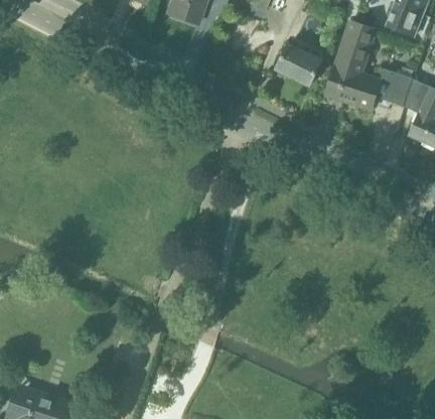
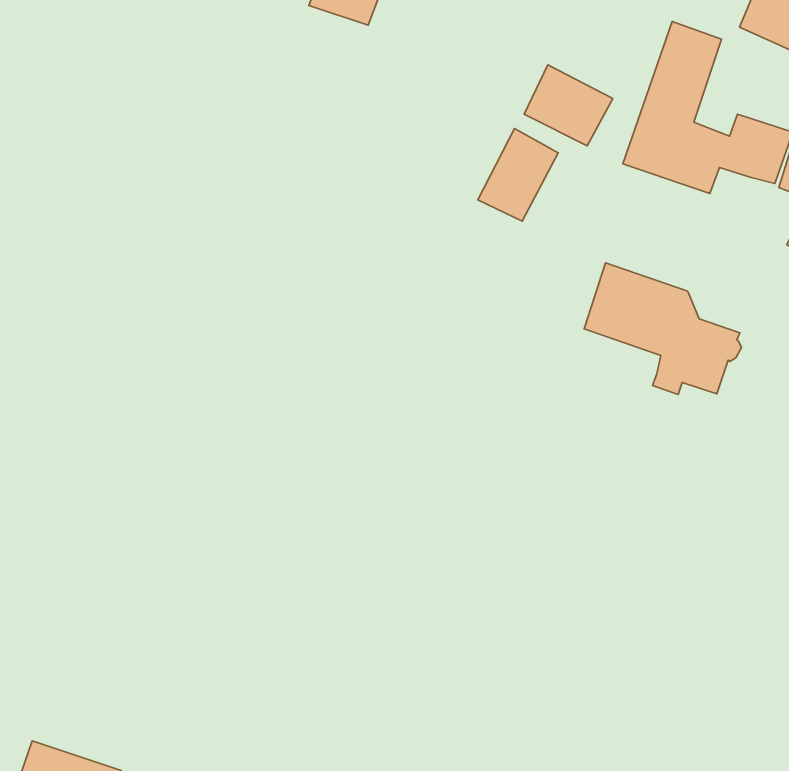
building: none -> [478,128,558,221]
building: none -> [584,263,742,394]

